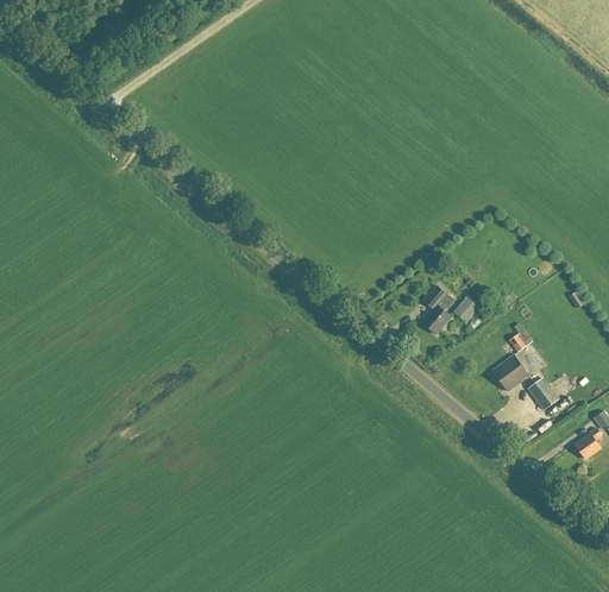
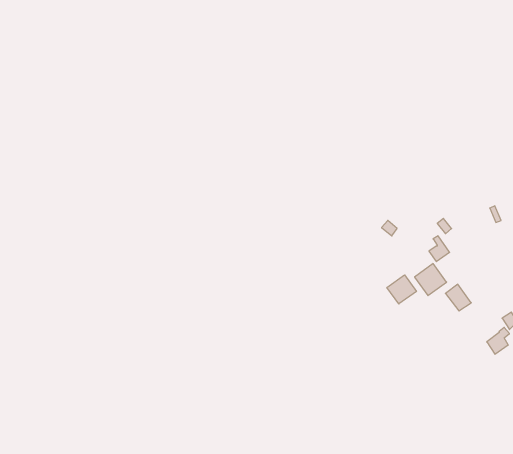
building: [423,286,453,334] -> none
building: none -> [387,275,416,304]

